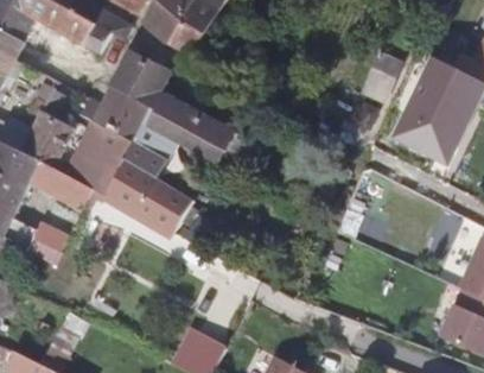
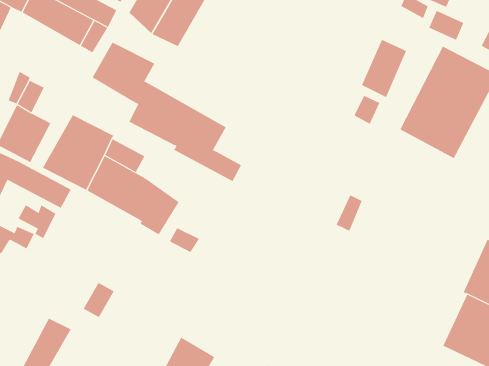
building: [78,87,147,141] -> none

